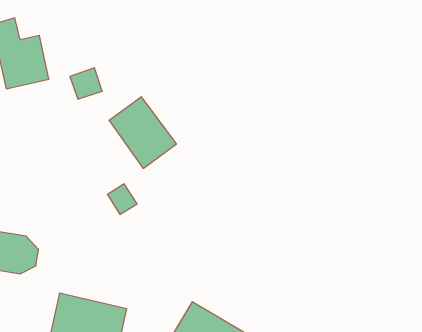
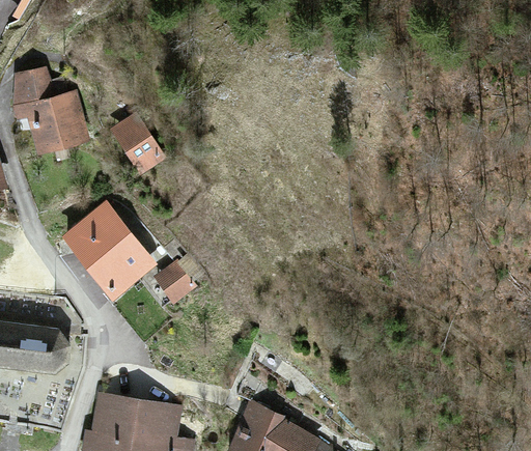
building: [109,97,176,168] -> [67,205,147,290]

